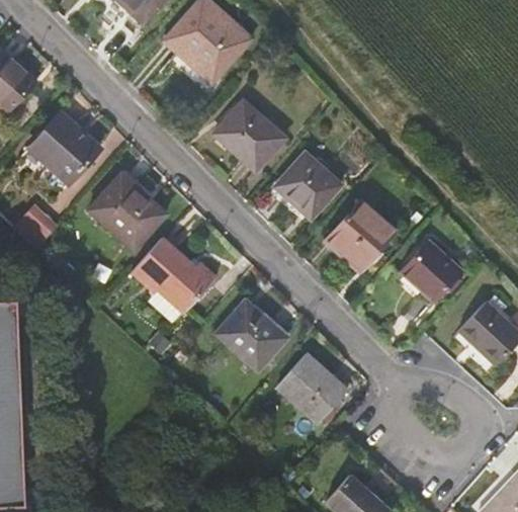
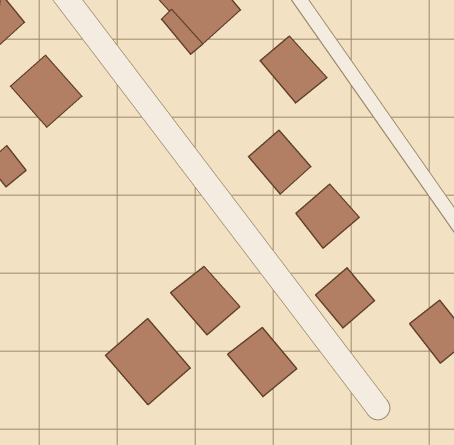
building: [215,103,284,169] -> [260,36,327,103]
building: [85,175,164,254] -> none
building: [132,236,217,310] -> none
building: [401,244,460,305] -> [316,268,375,328]
building: none -> [106,319,190,405]

